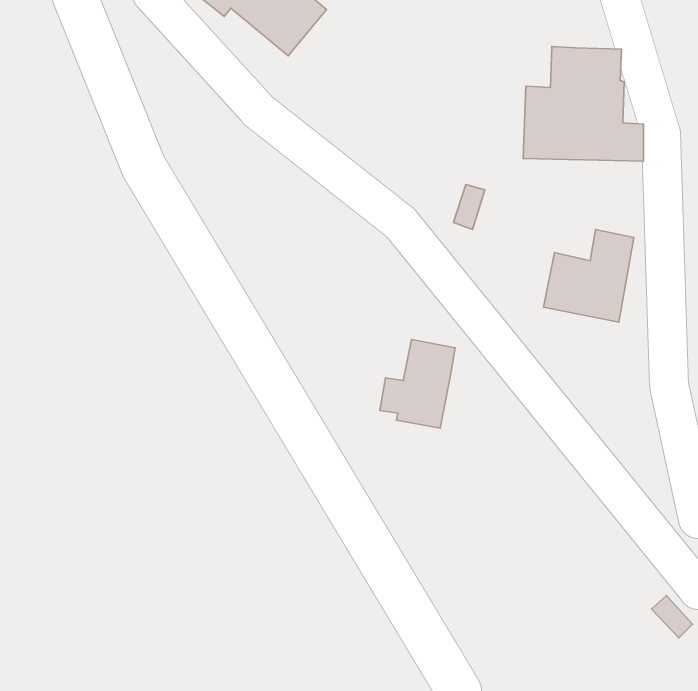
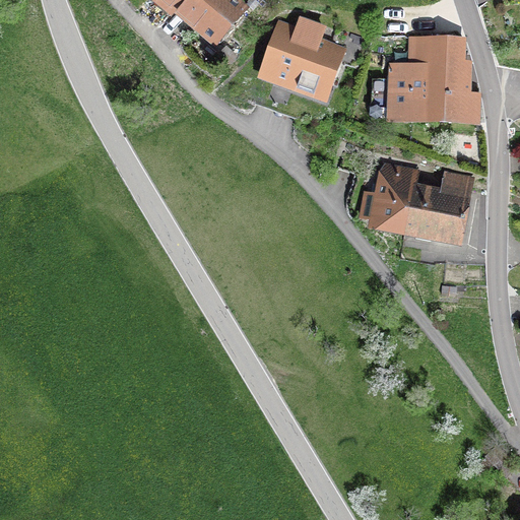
building: none -> [256,23,347,103]
building: [380,340,455,428] -> [360,162,415,229]

